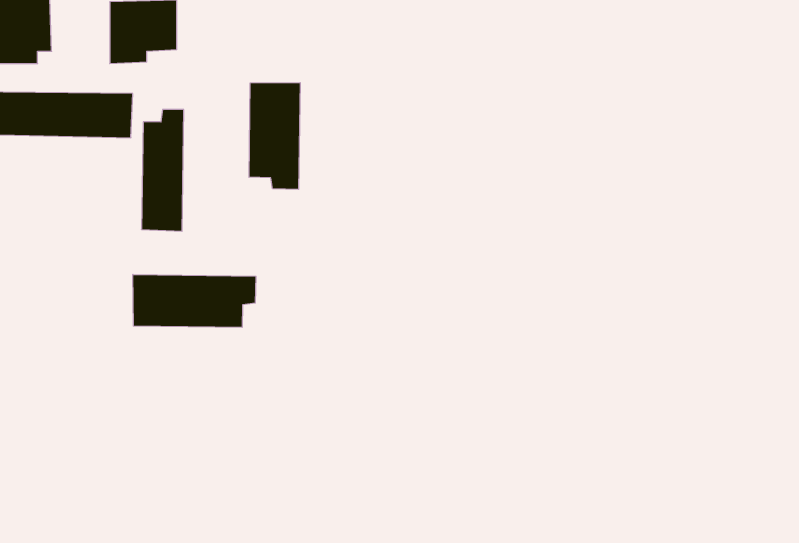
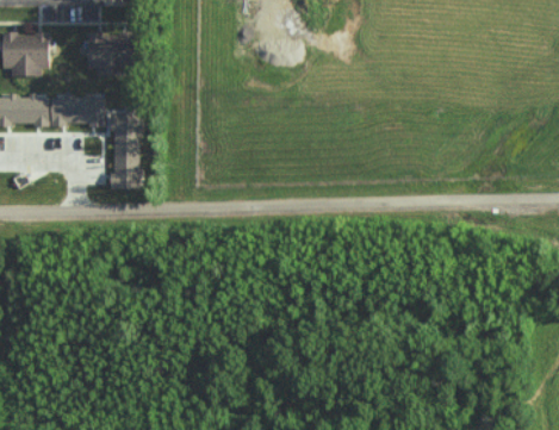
building: [249,83,300,189] -> none
building: [133,274,256,327] -> none

